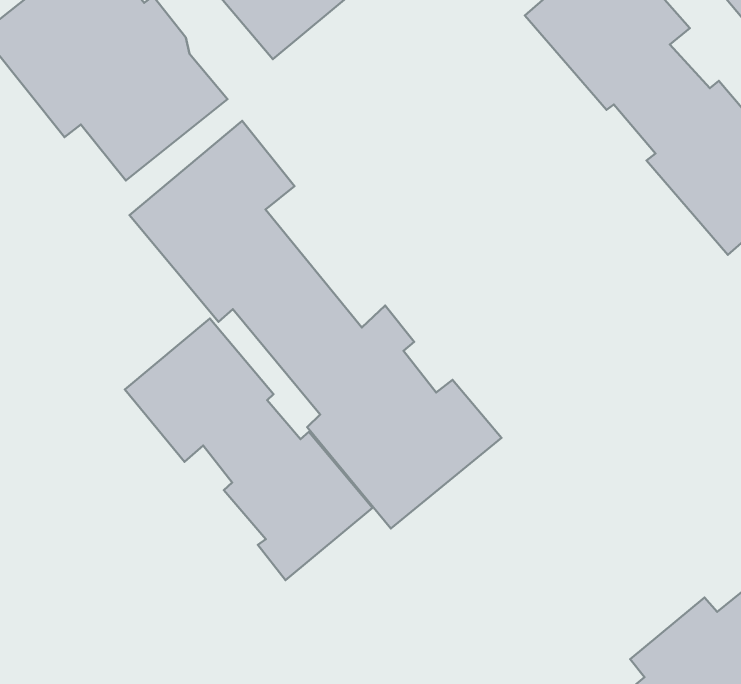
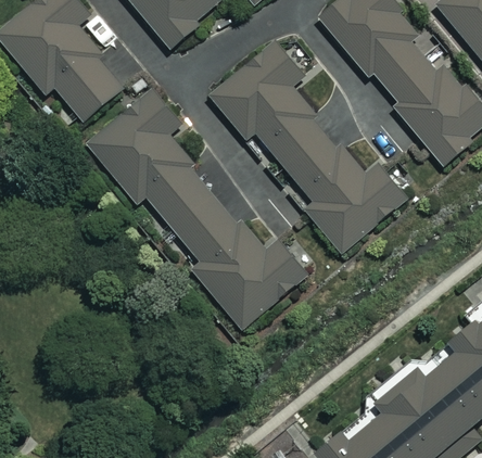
building: none -> [210,41,406,254]
building: [125,318,373,580] -> none

